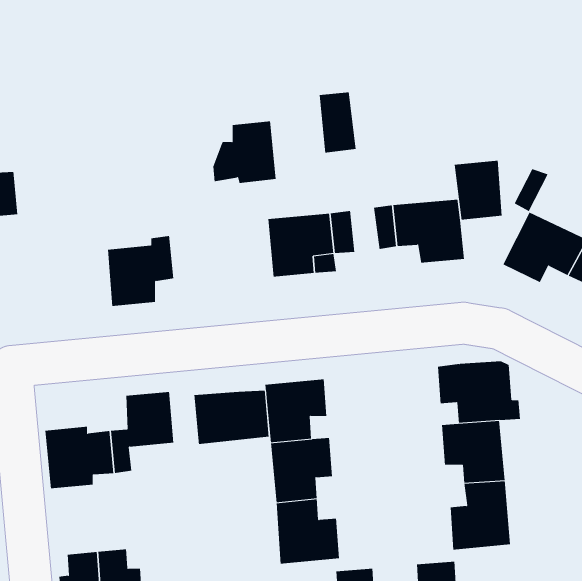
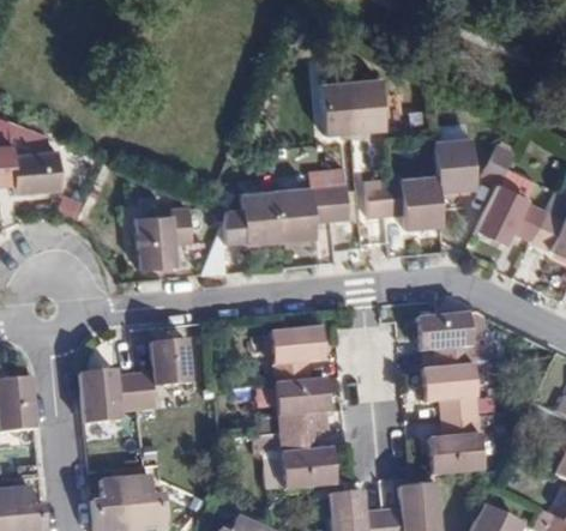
building: none -> [343,79,380,131]
building: [212,121,276,183] -> [222,191,277,245]
building: [194,390,269,445] -> none

